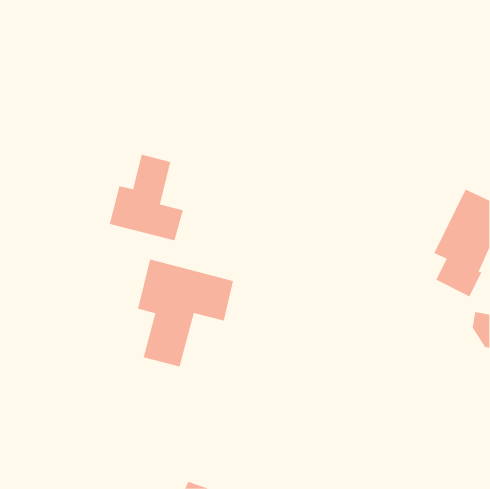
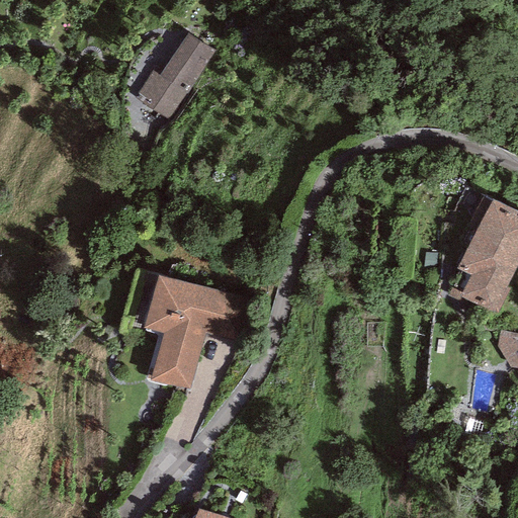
building: none -> [135,32,214,120]
building: [109,154,184,241] -> none

